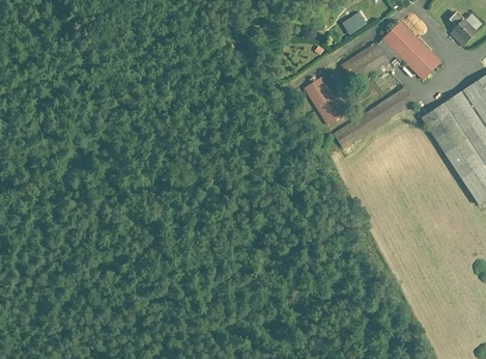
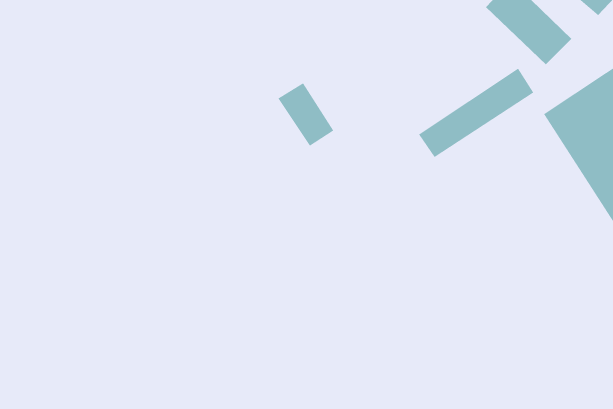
building: [341,44,385,80] -> none
building: [304,78,344,123] -> [278,83,334,146]

